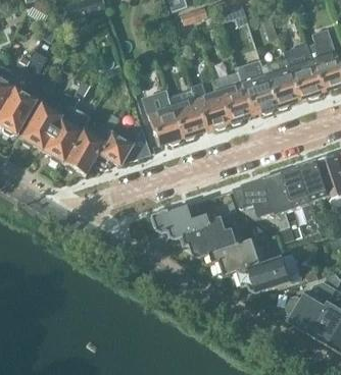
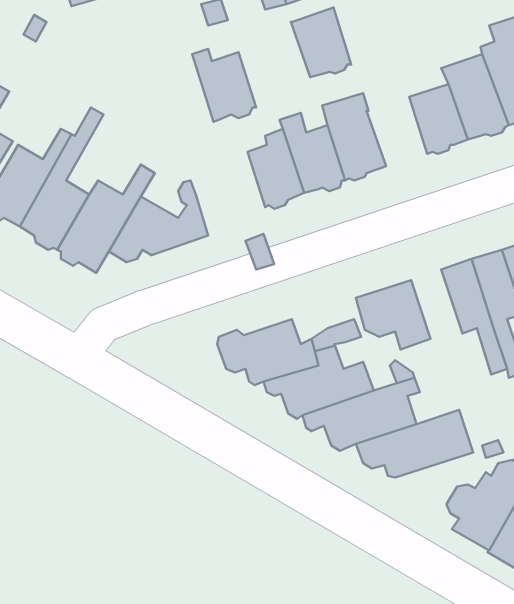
building: [240,73,275,113] -> [291,8,351,77]
building: [145,103,182,145] -> [192,49,256,122]
building: [265,172,295,240] -> none

